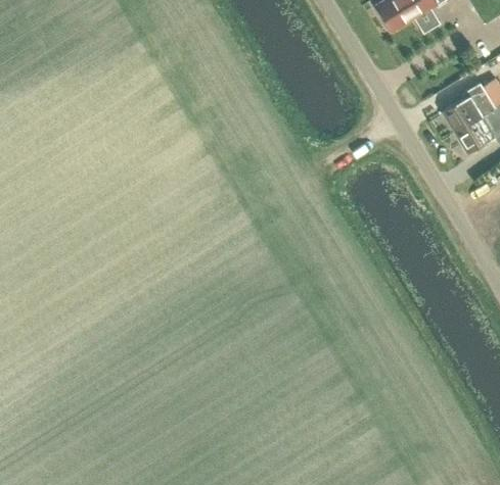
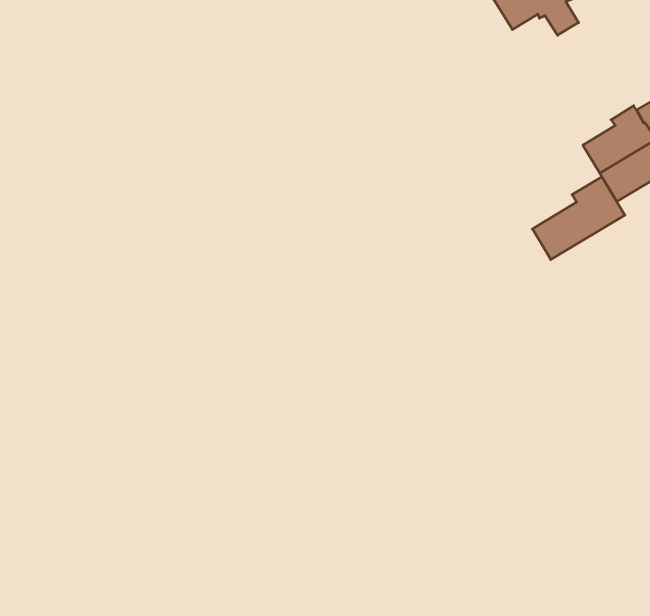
building: none -> [532,177,625,260]

